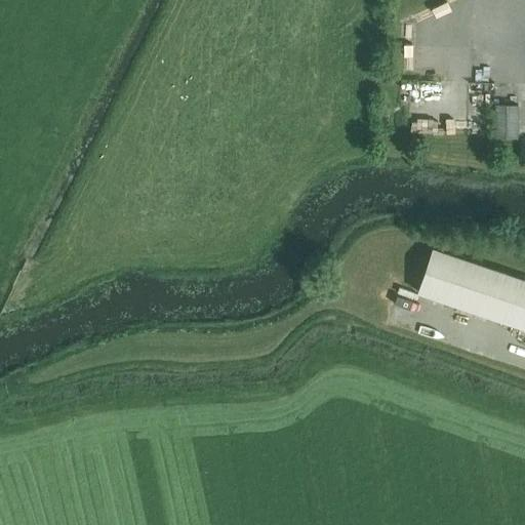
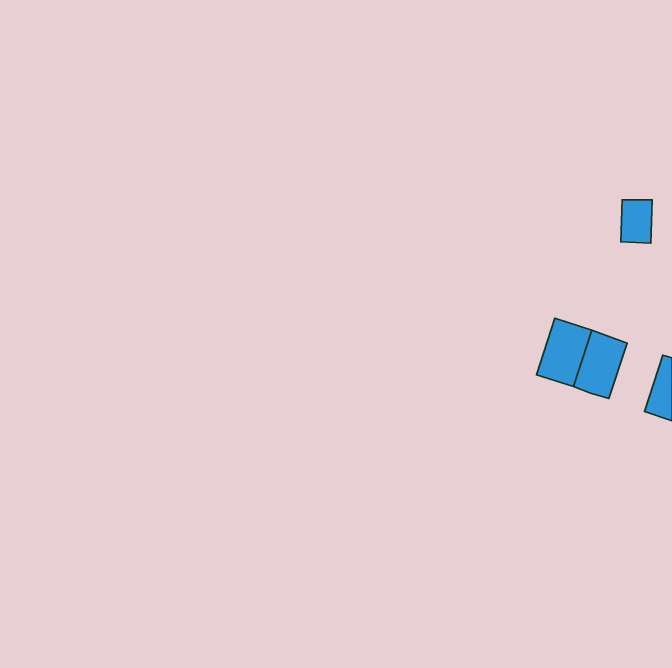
building: [493,107,518,140] -> [621,200,652,243]
building: [475,271,517,324] -> none

